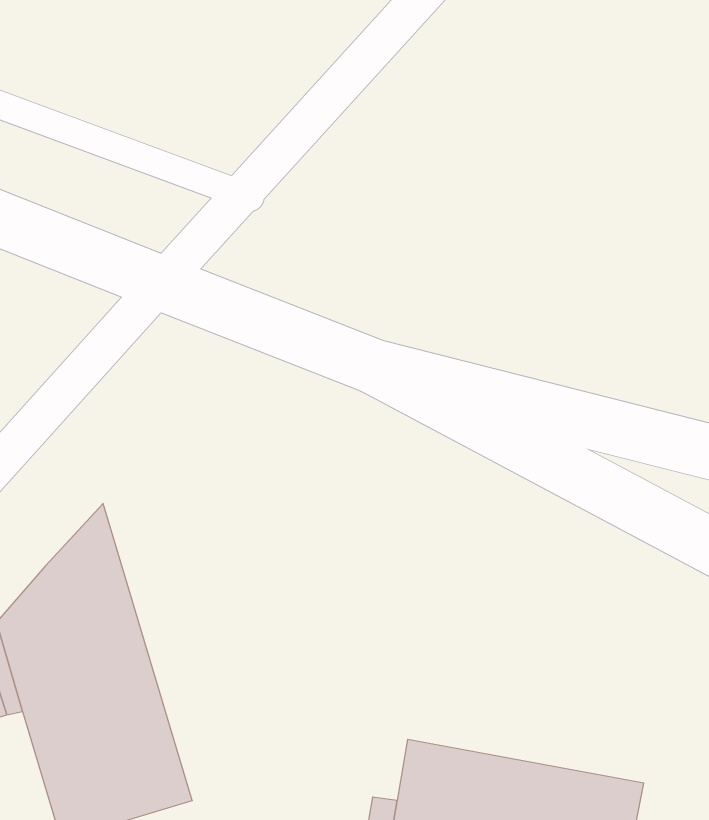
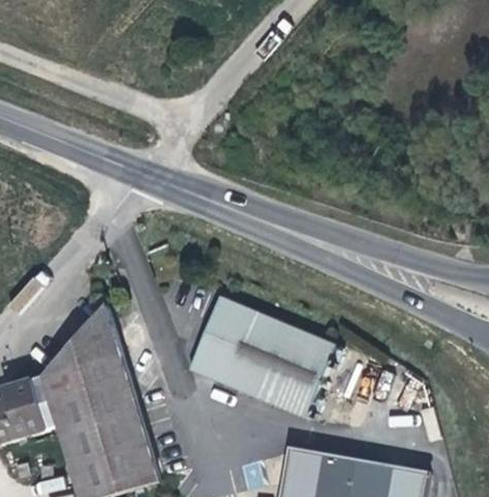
building: none -> [186,294,333,417]

